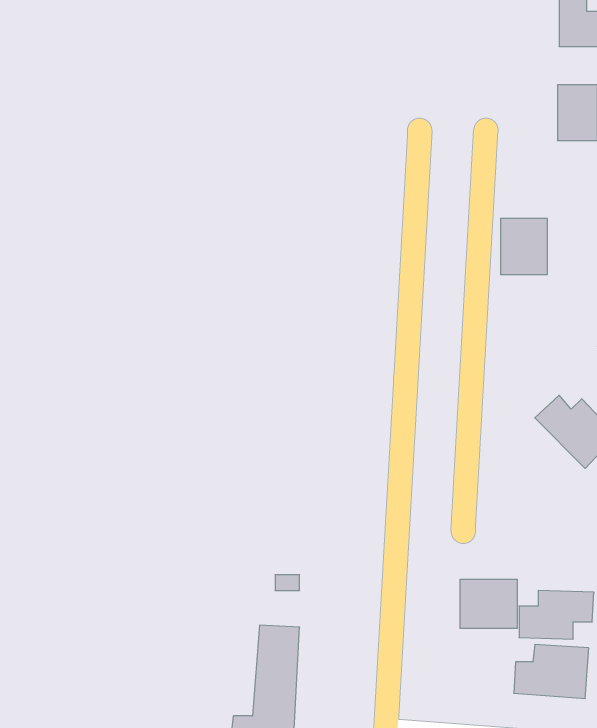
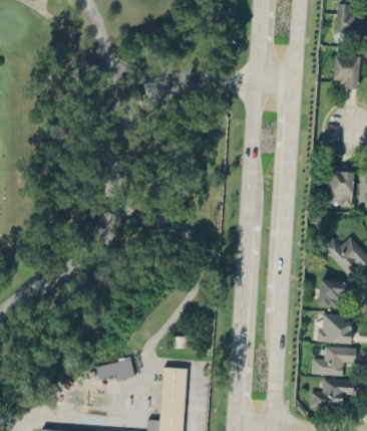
building: [500,219,547,274] -> [325,173,352,205]
building: none -> [318,280,348,306]
building: [460,579,517,628] -> [319,314,352,343]
building: none -> [98,363,134,379]

